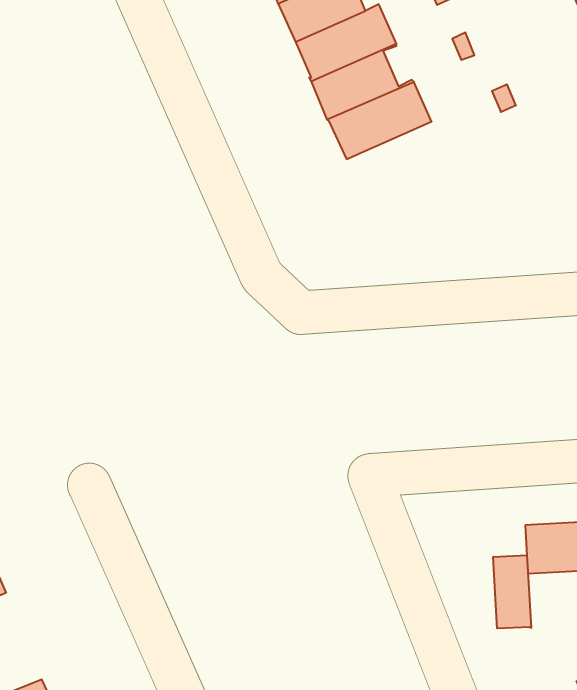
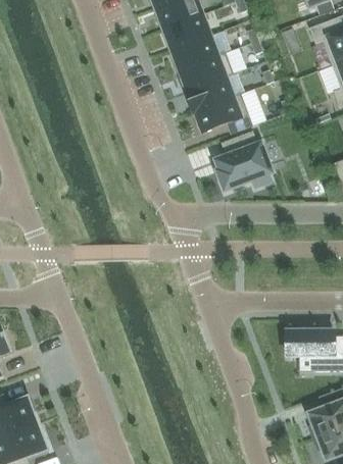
building: none -> [216,132,272,190]
building: [493,555,531,628] -> none

